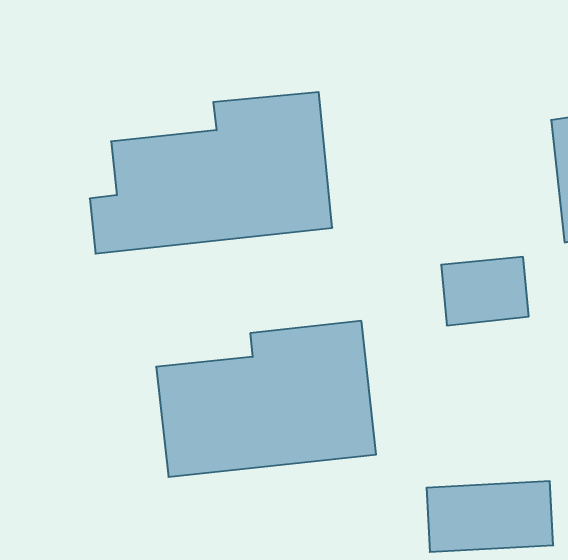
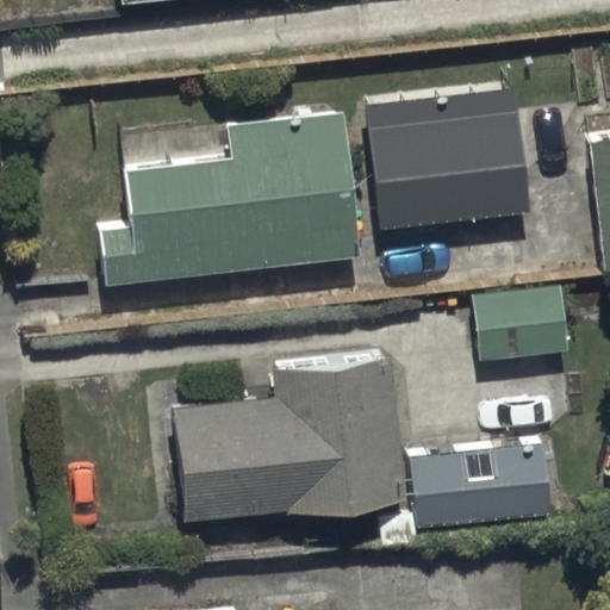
building: none -> [371,102,537,243]
building: [426,481,553,552] -> [412,450,547,525]

